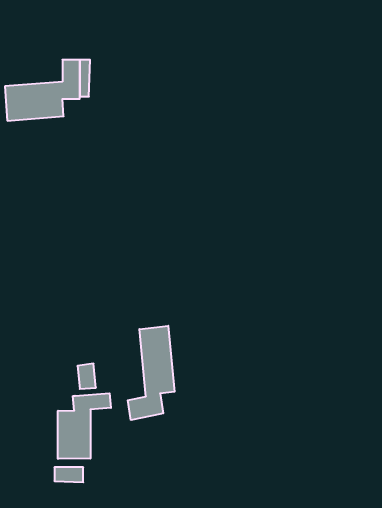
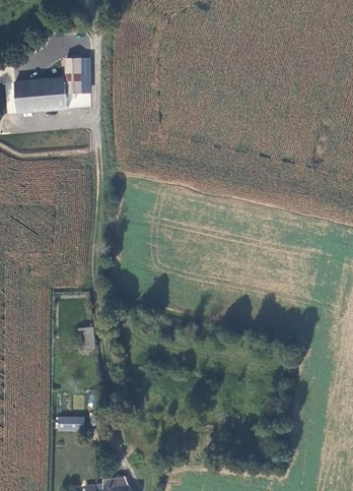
building: [128,326,175,420] -> none
building: [58,393,111,459] -> none

